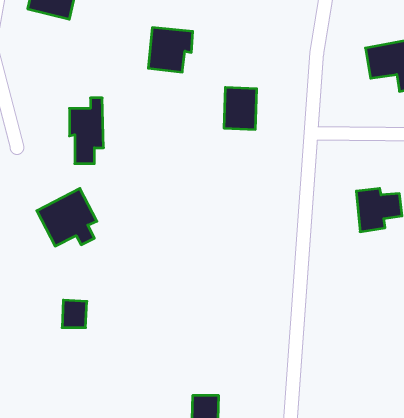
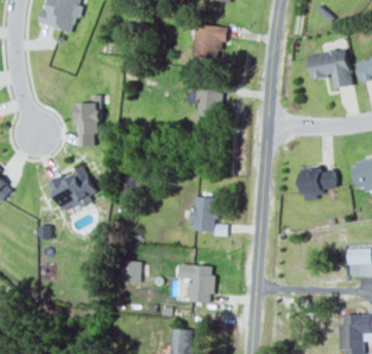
building: [148,28,193,72] -> [191,23,226,58]
building: none -> [191,196,213,230]
building: [62,300,87,328] -> [120,260,139,282]
building: none -> [177,264,212,301]

